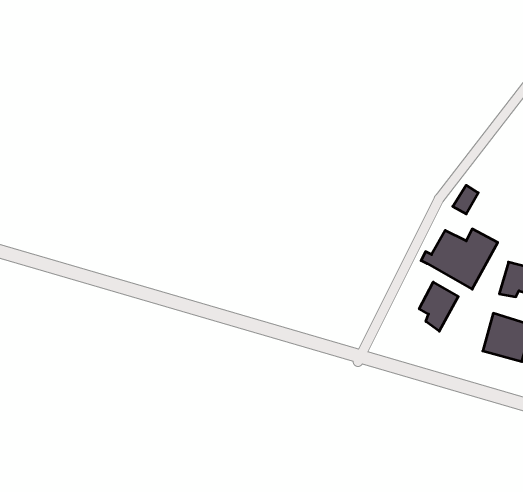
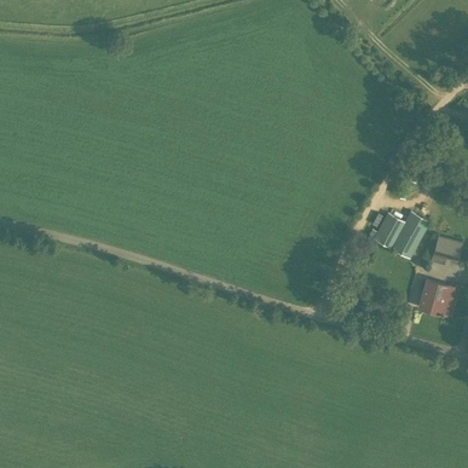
building: [419,282,458,331] -> none

